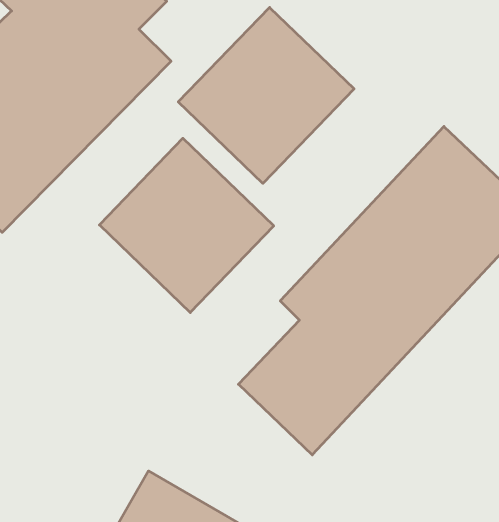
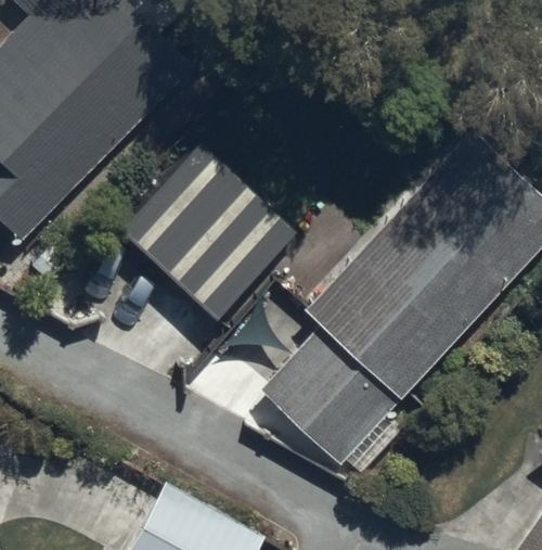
building: [178,7,354,183] -> none

